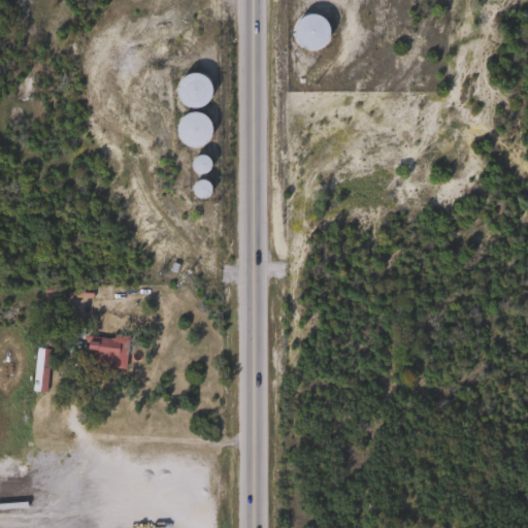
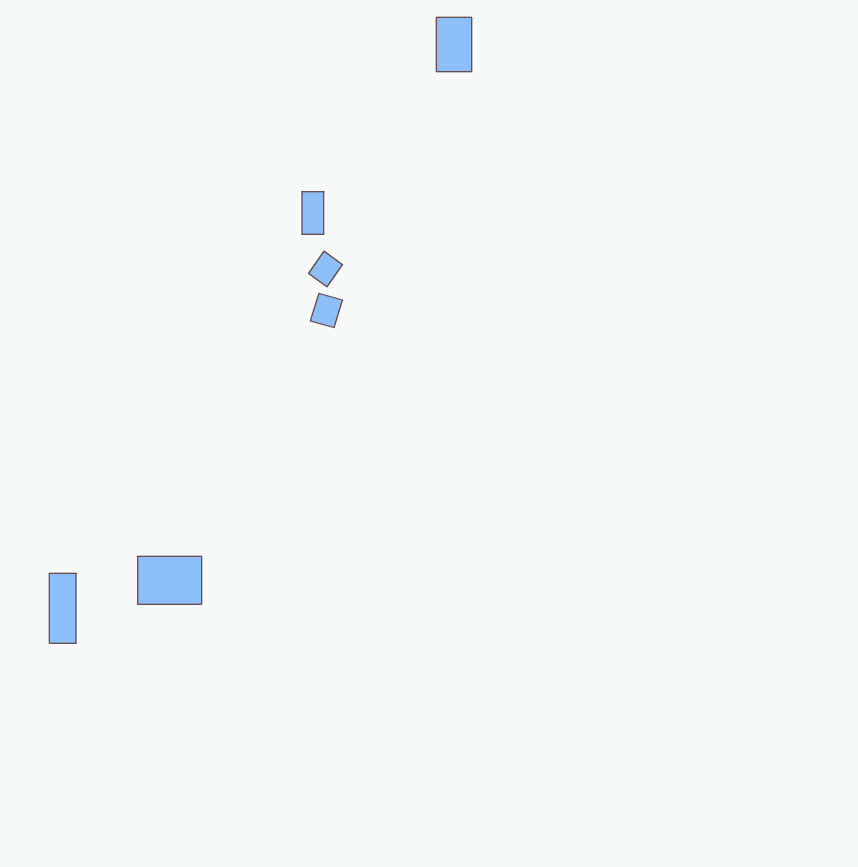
building: [303,15,325,48] -> [436,17,472,72]
building: [184,72,209,104] -> none

